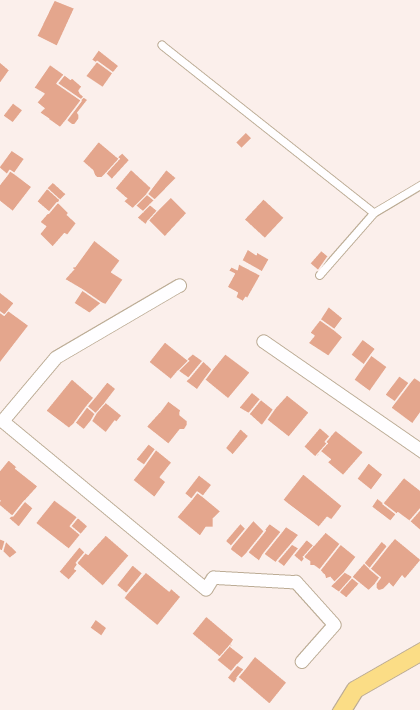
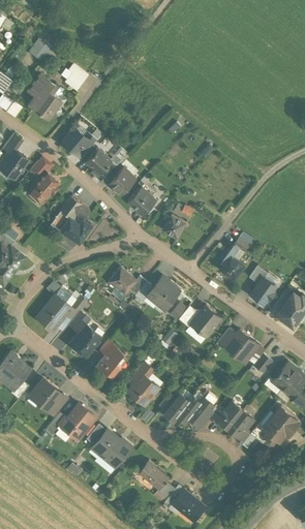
building: [244,199,284,239] -> [128,187,156,215]
building: [146,400,188,444] -> [69,324,98,355]
building: [282,474,343,527] -> none

